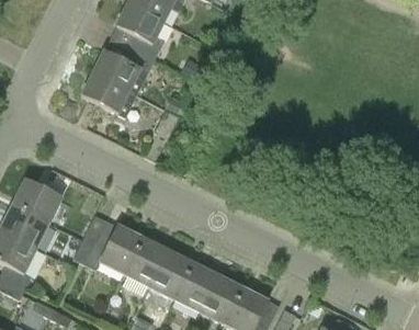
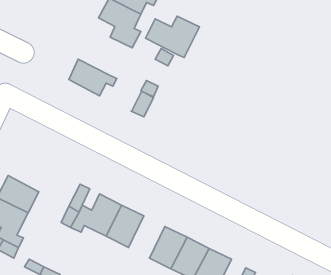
building: [93,46,155,93] -> [146,16,199,57]
building: [13,179,61,223] -> none
building: [150,250,192,298] -> none

